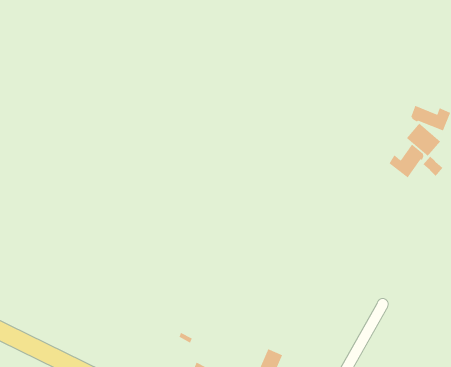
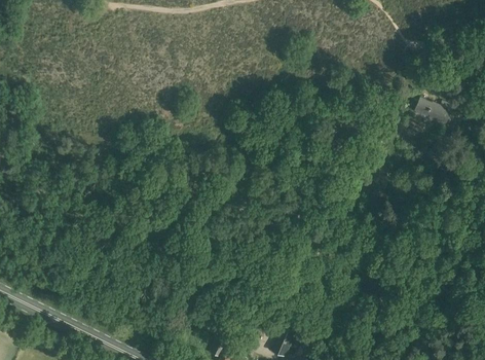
building: [388,144,425,178] -> none

